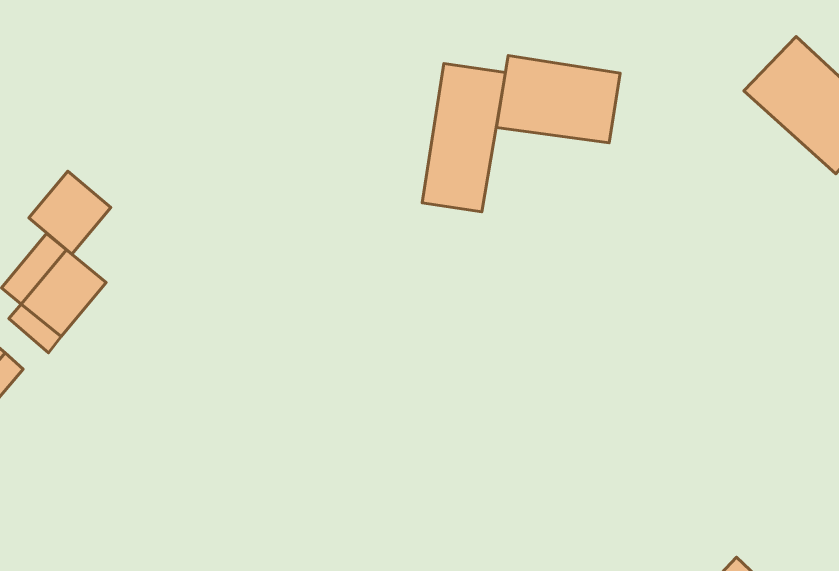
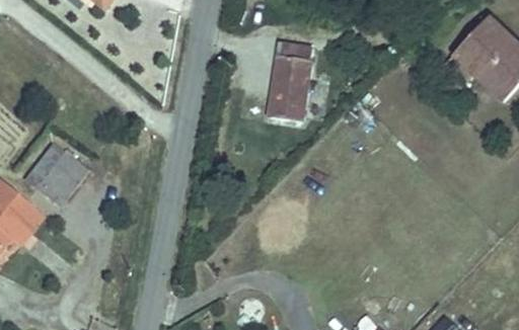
building: [496,56,620,143] -> none
building: [29,171,111,254] -> none

